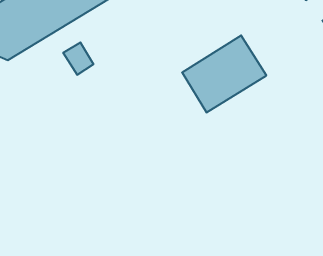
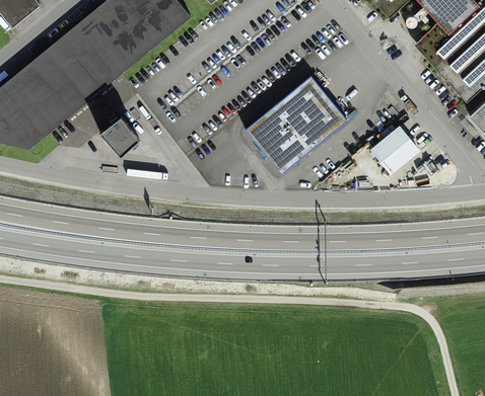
building: none -> [368,123,422,174]

